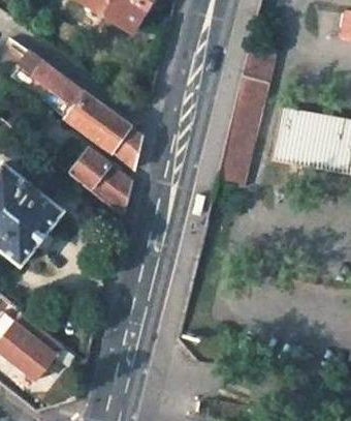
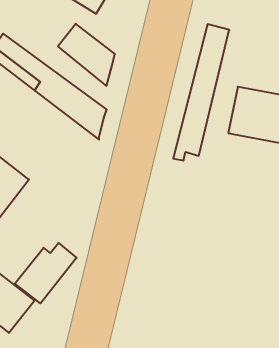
building: [69,150,131,218] -> [58,24,115,86]
building: none -> [15,243,77,303]

